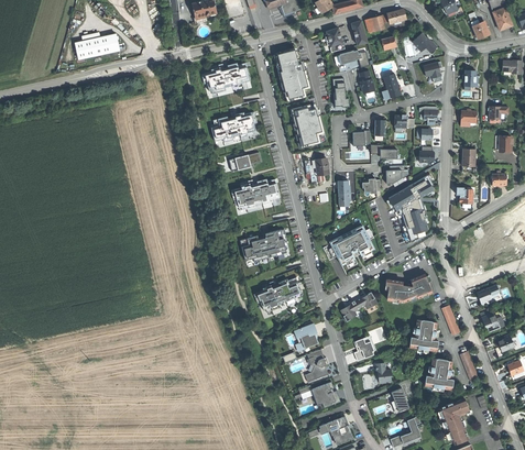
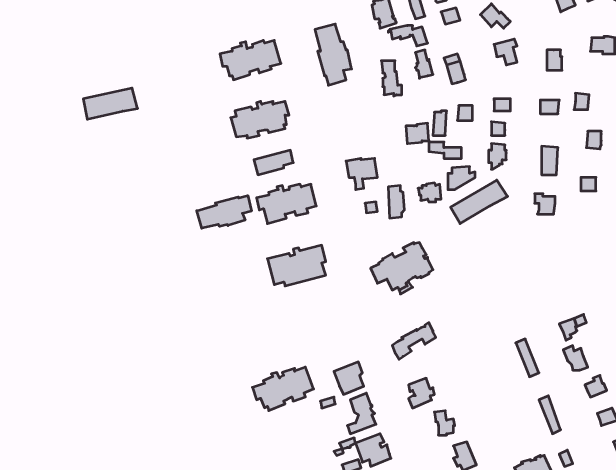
building: [72,35,116,61] -> [83,88,138,119]
building: [296,108,322,145] -> none
building: none -> [197,196,251,228]
building: [402,197,428,241] -> none
building: [382,274,433,301] -> none
building: [254,277,304,312] -> [252,367,314,411]
building: [409,320,438,352] -> none
building: [425,359,453,391] -> none

